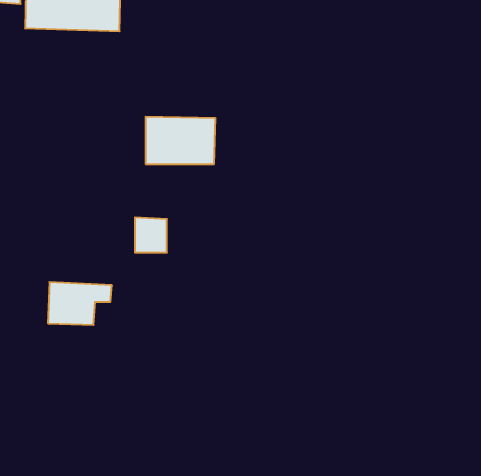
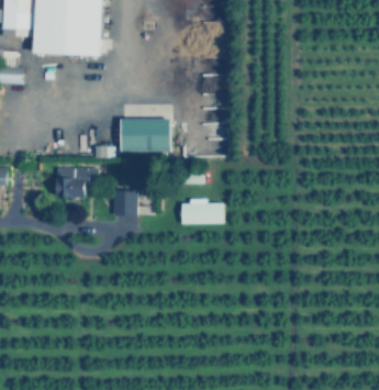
building: none -> [182,197,221,221]
building: [48,282,112,325] -> [55,165,101,196]

